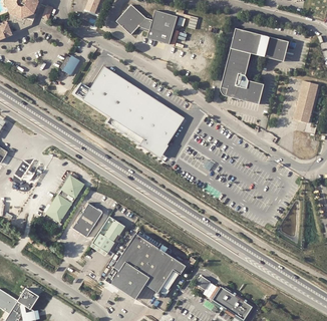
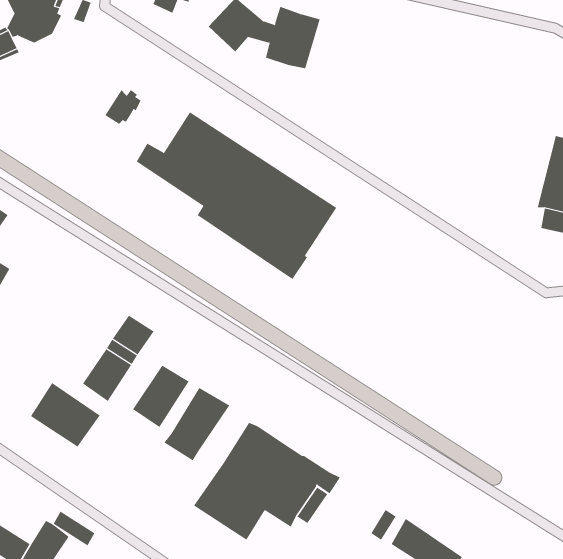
building: [218,27,287,103] -> none
building: none -> [30,382,100,447]

